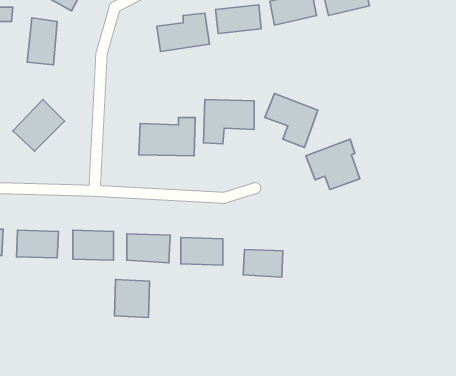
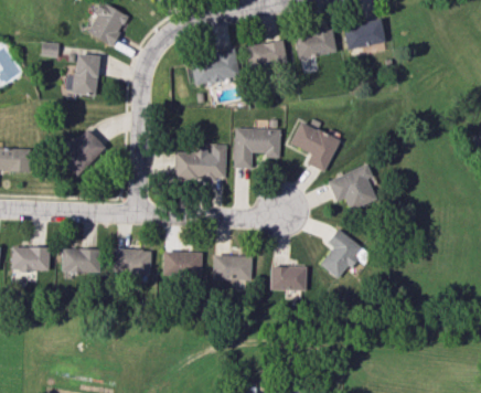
building: none -> [320,229,366,282]
building: [114,280,149,318] -> none

